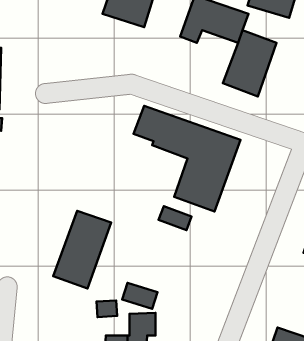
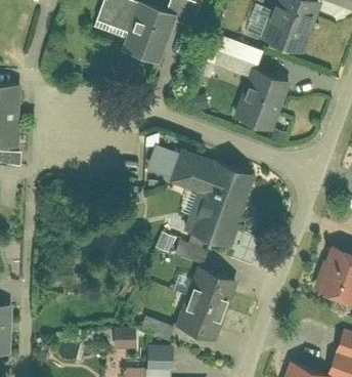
building: [53,211,111,289] -> [178,266,235,343]

